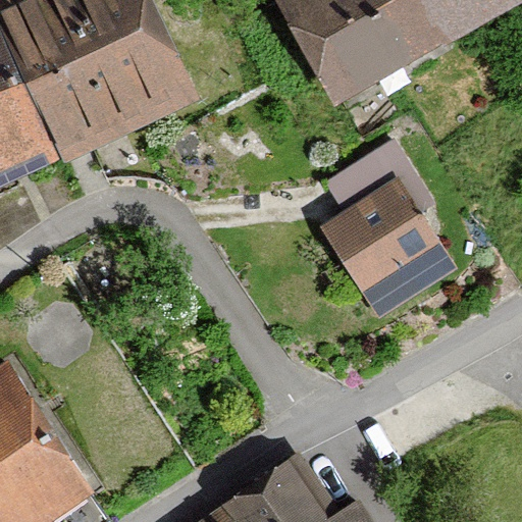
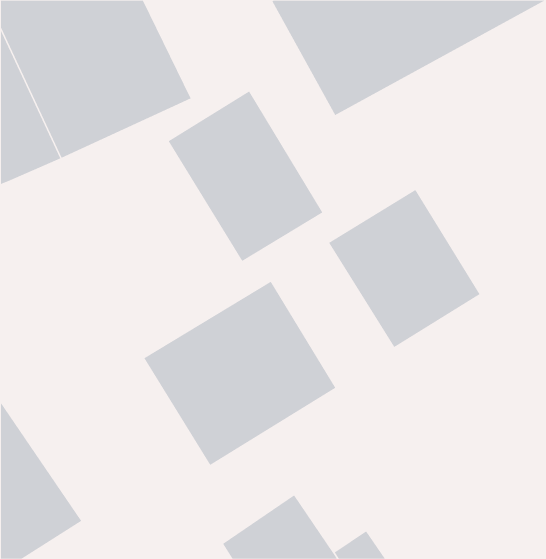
building: none -> [168,91,323,262]
building: none -> [144,281,336,466]

